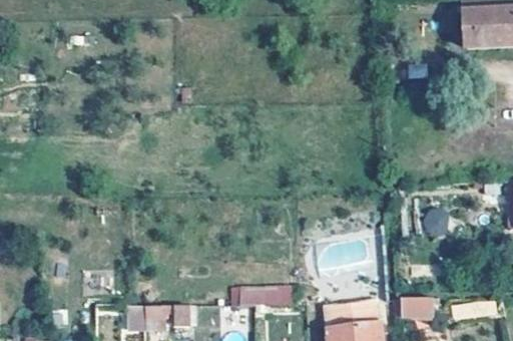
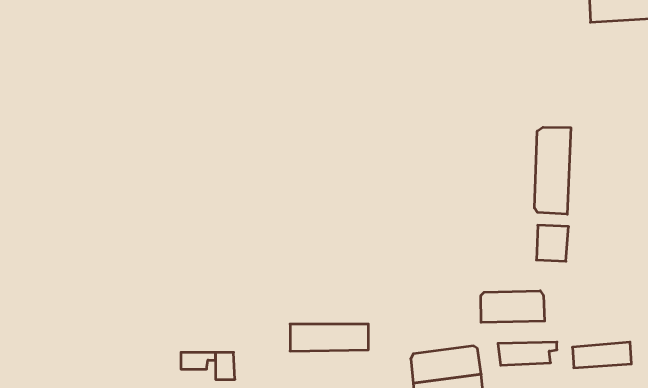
building: none -> [534,127,571,214]
building: none -> [481,291,545,322]

